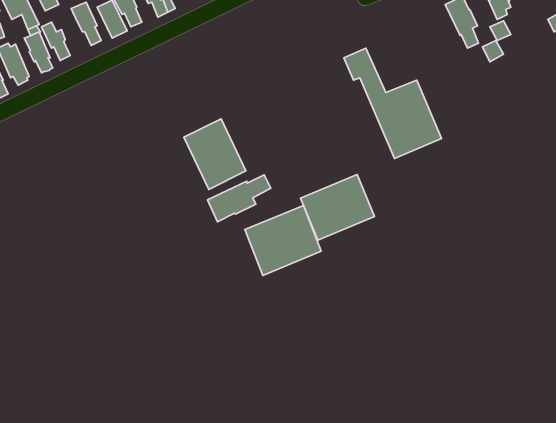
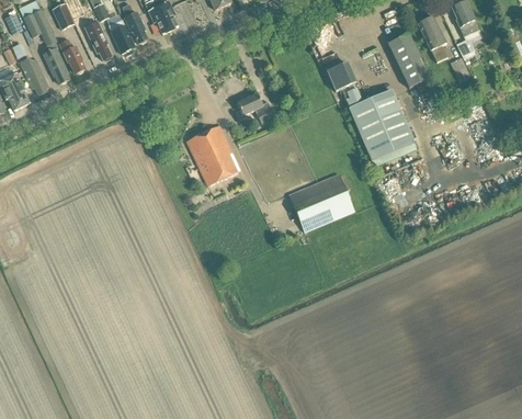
building: none -> [387,33,430,88]
building: none -> [237,93,275,124]
building: [207,175,271,222] -> none
building: [245,205,321,275] -> none

